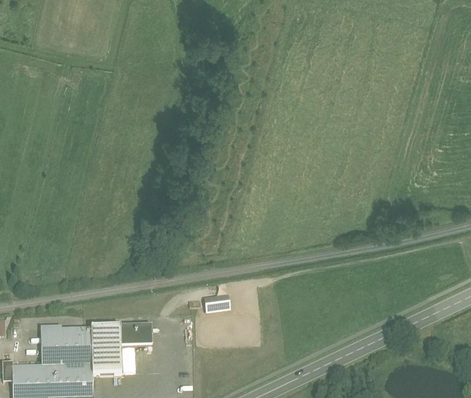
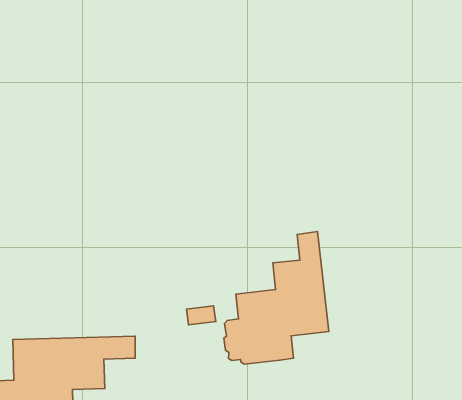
building: none -> [224,232,329,364]

